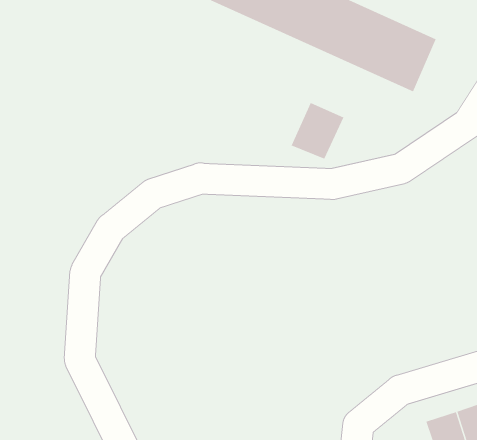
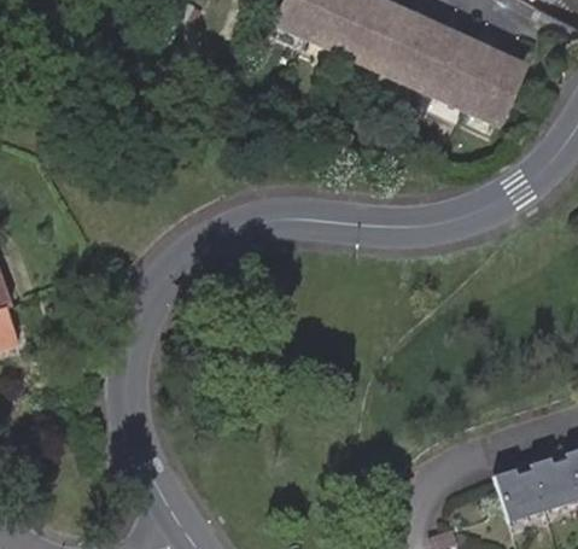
building: [291,102,344,160] -> none

